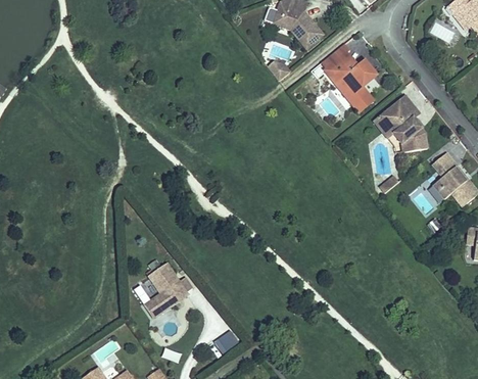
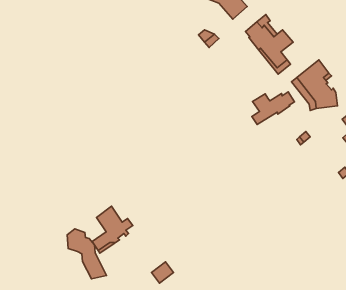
building: none -> [252,92,295,125]
building: none -> [67,229,107,279]

